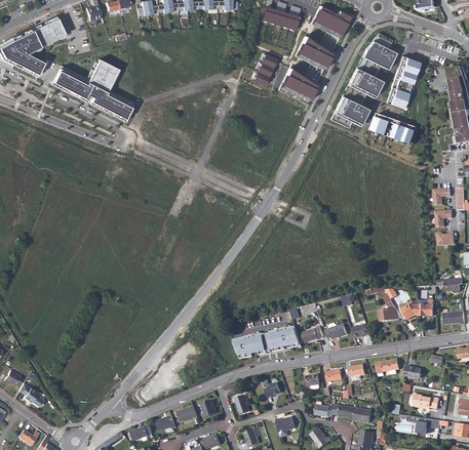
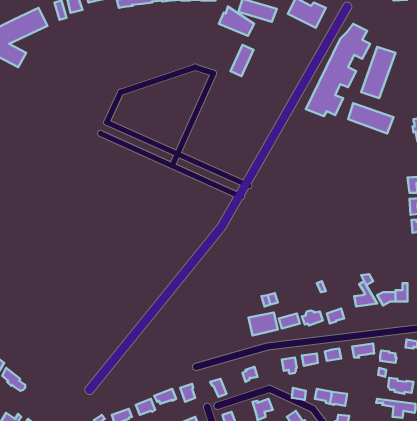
building: [295,37,330,67] -> [219,7,254,36]
building: [51,58,134,120] -> none
building: [279,69,315,99] -> none
building: [234,331,275,357] -> none

